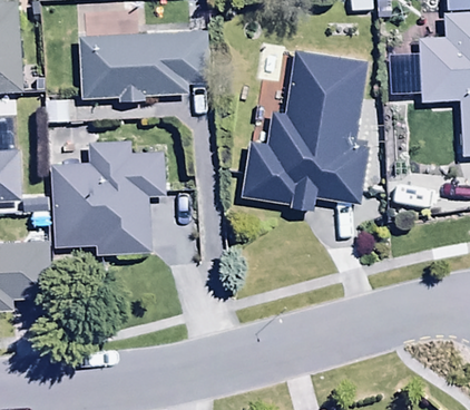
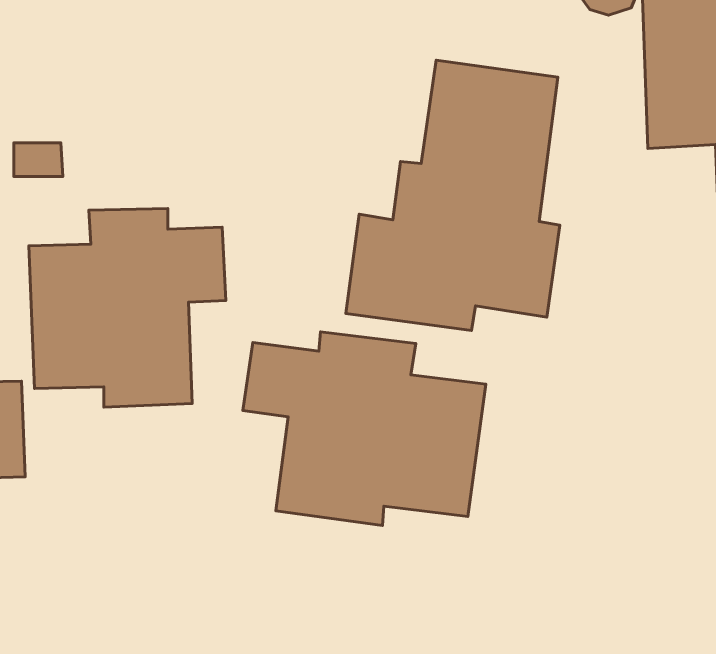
building: [78,30,210,102] -> none
building: none -> [243,332,486,525]

